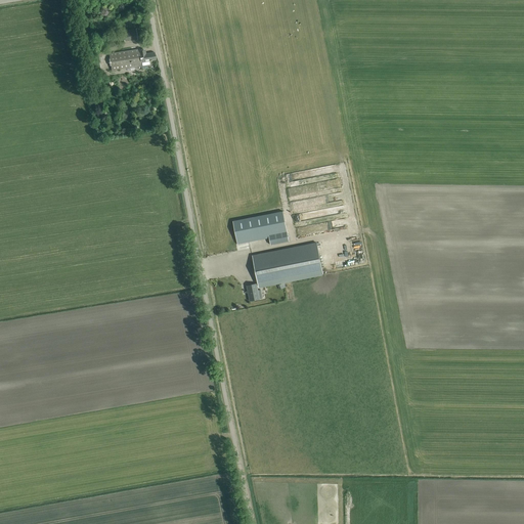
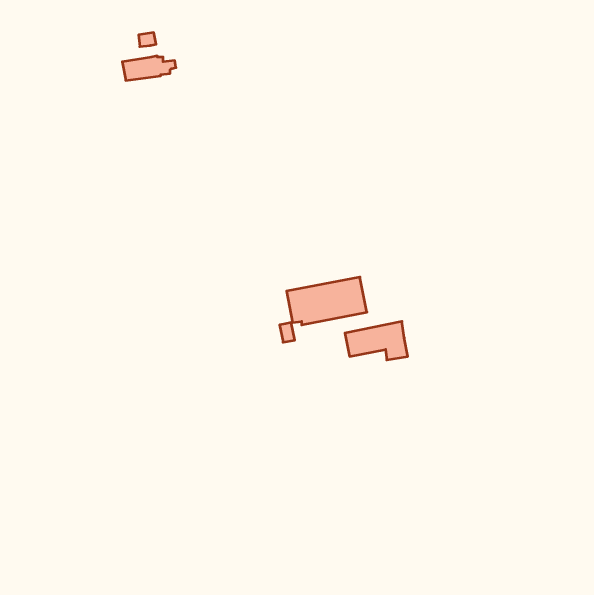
building: [232,211,288,245] -> [345,321,408,360]

